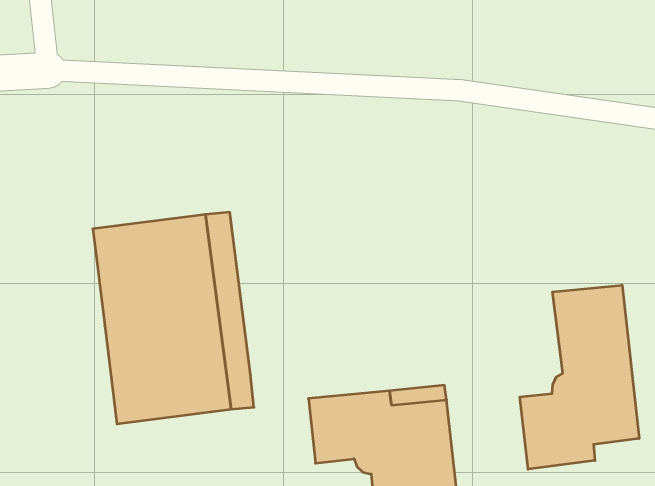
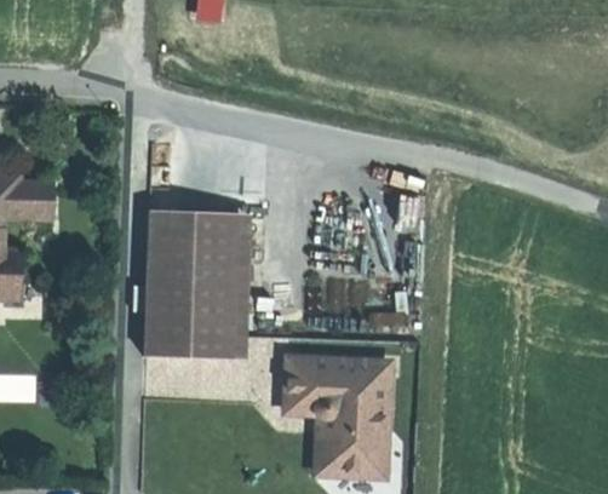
building: [520,285,639,469] -> none

